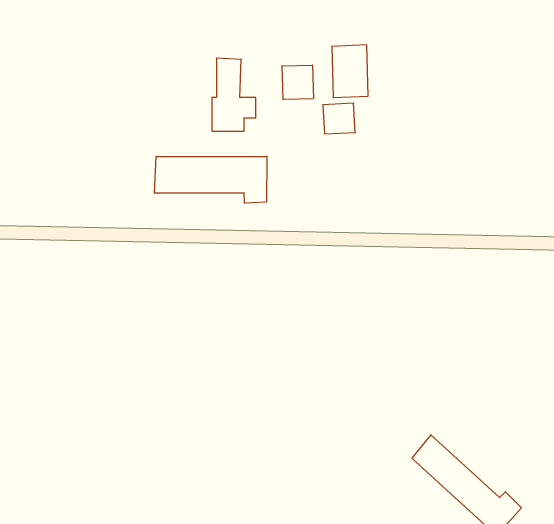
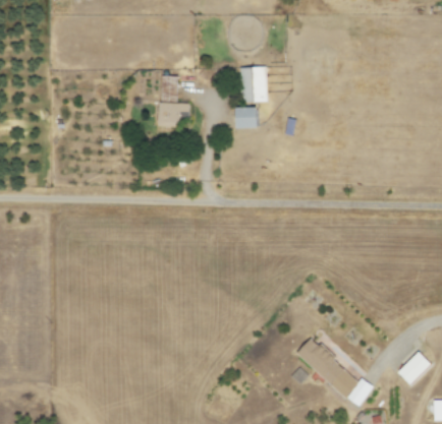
building: [282,65,313,100] -> none
building: [155,156,267,203] -> none

